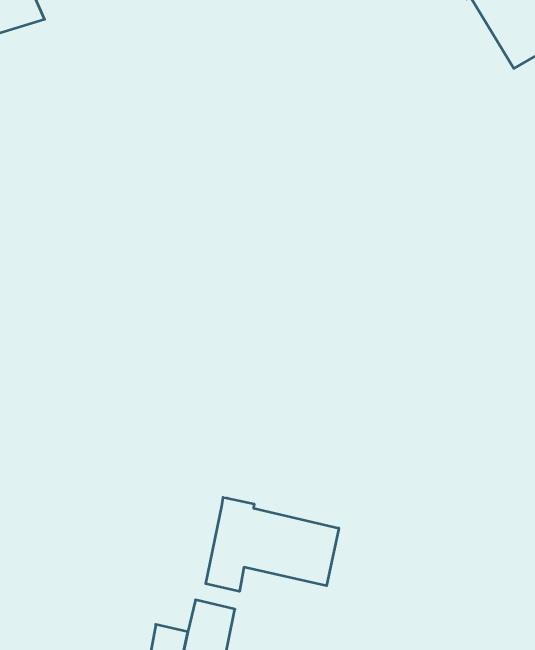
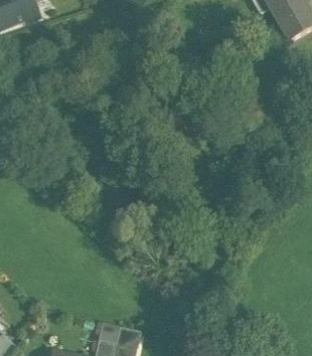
building: [206,497,339,591] -> none

